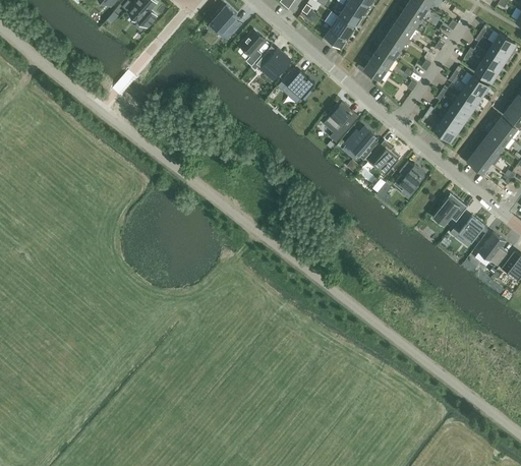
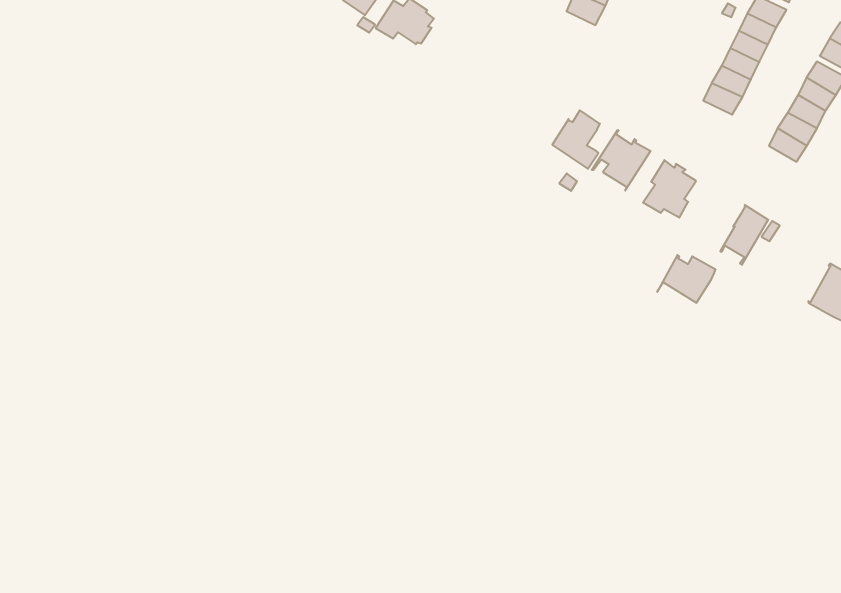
building: [277,67,314,101] -> none
building: [323,102,356,142] -> none
building: [450,214,484,242] -> [657,255,716,303]

